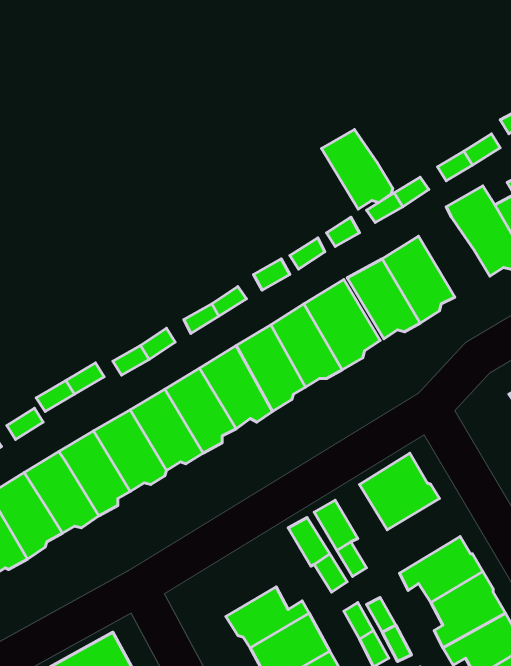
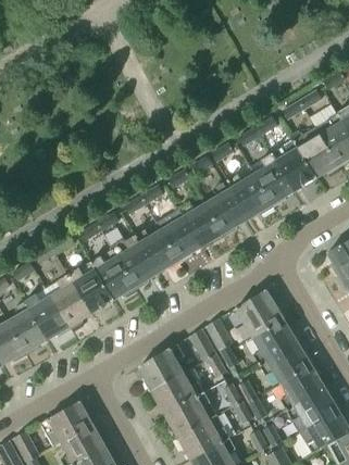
building: [322,129,393,209] -> [271,142,315,192]
building: none -> [251,318,297,365]
building: none -> [139,344,183,392]

